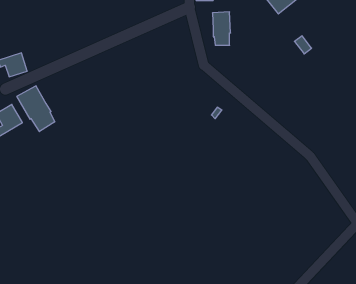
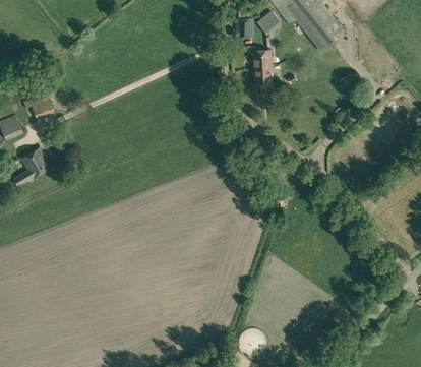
building: [17,86,55,132] -> none

